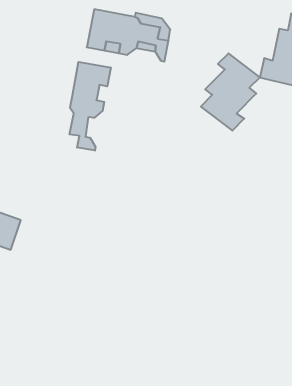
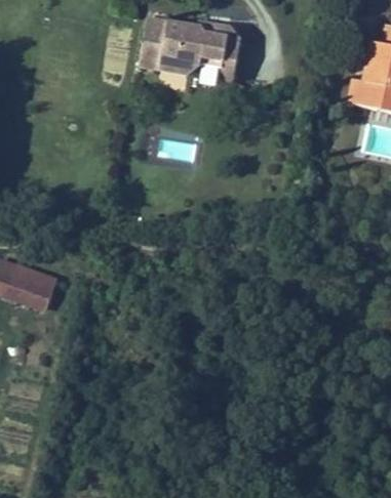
building: [201,53,260,131] -> none
building: [70,62,111,151] -> none

